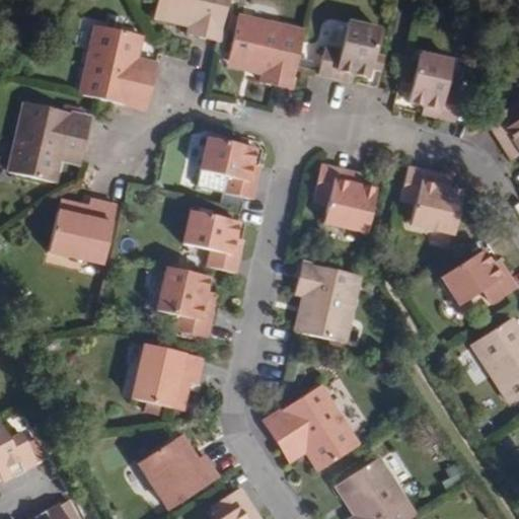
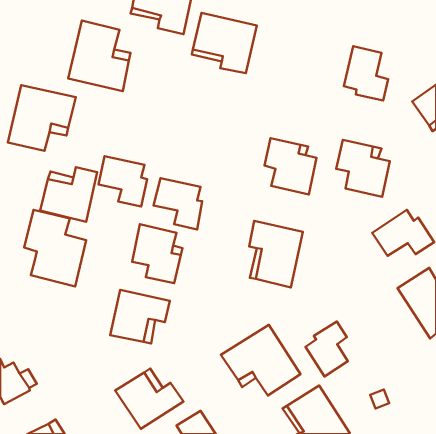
building: [319,21,379,81] -> none
building: [201,138,258,198] -> [98,156,147,207]
building: none -> [24,210,86,287]
building: none -> [305,322,348,376]

